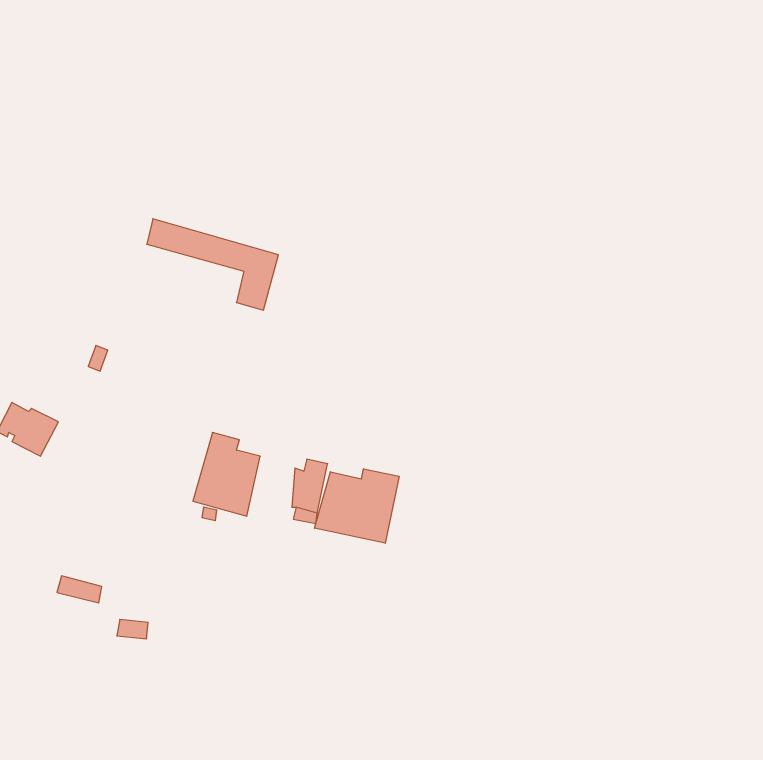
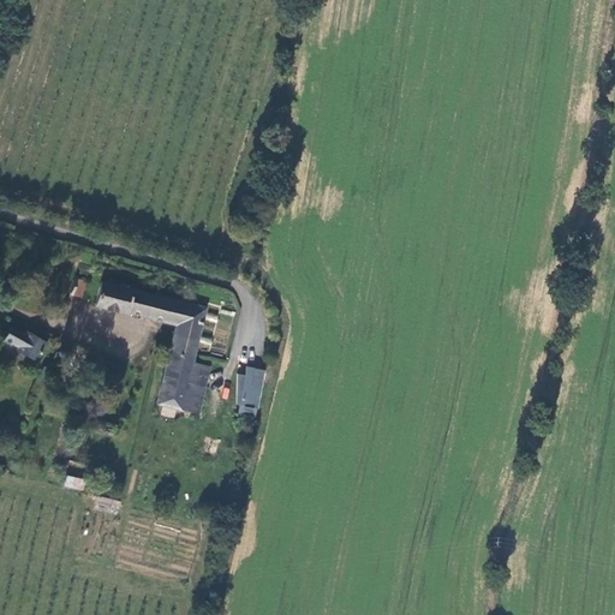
building: [147,219,278,310] -> [98,283,204,357]
building: [314,469,399,543] -> none

